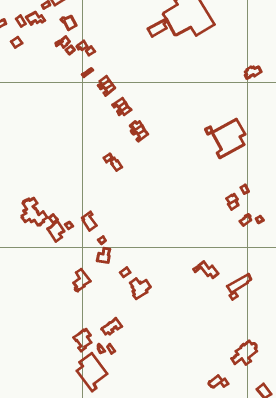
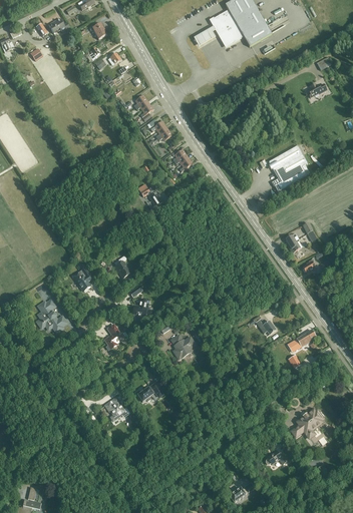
building: [22,198,47,225] -> [37,300,67,332]
building: [77,353,107,391] -> none

